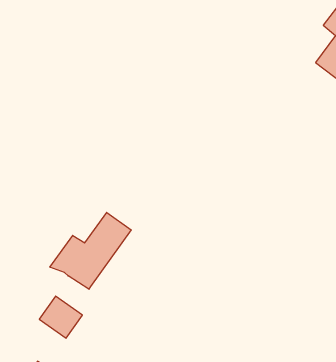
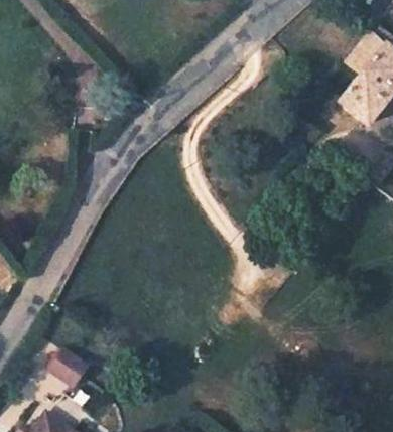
building: [50,212,131,289] -> none

